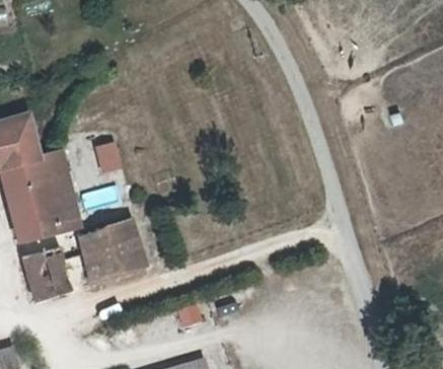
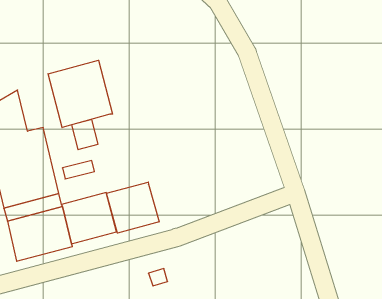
building: none -> [48,60,113,128]
building: none -> [106,182,159,233]

